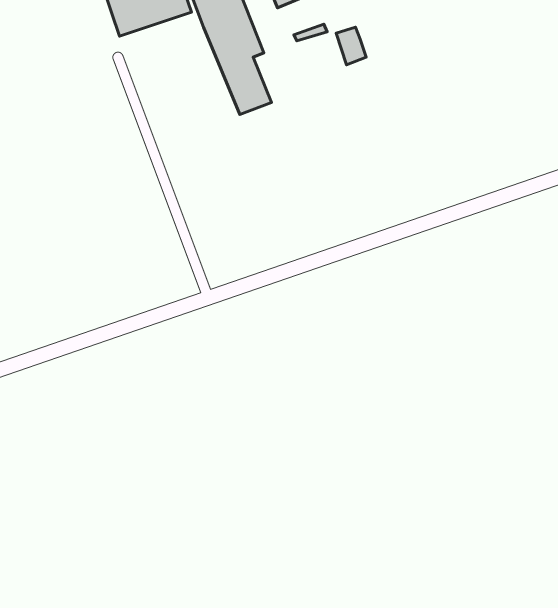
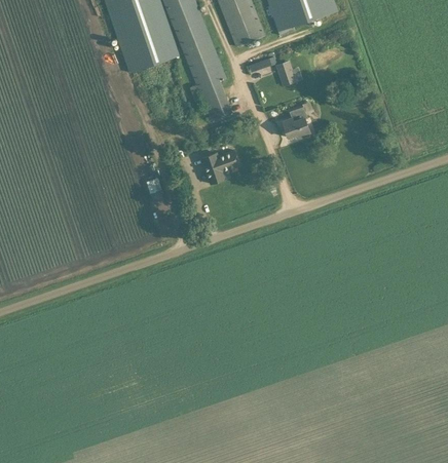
building: none -> [282,108,309,139]
building: none -> [201,151,239,185]

